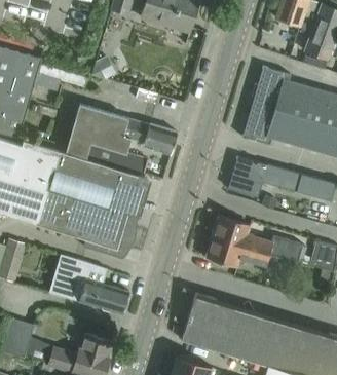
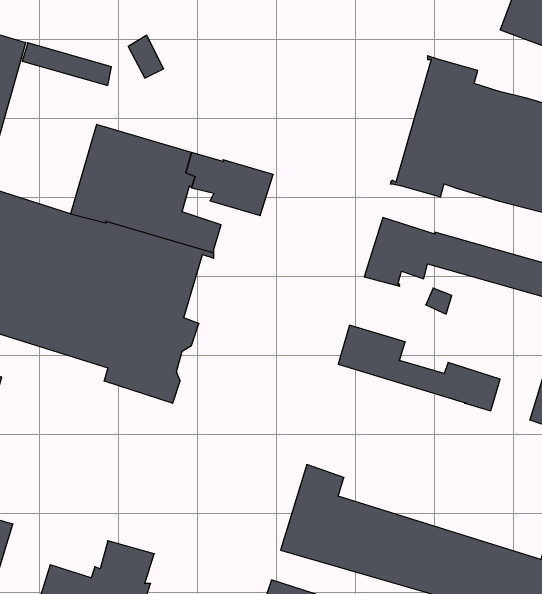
building: [205,236,284,270] -> none
building: [50,255,128,314] -> none

